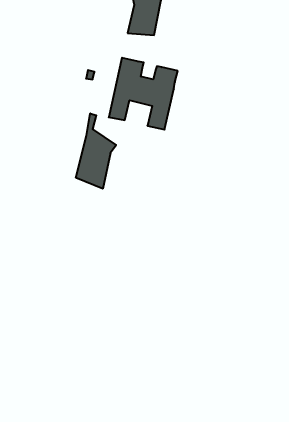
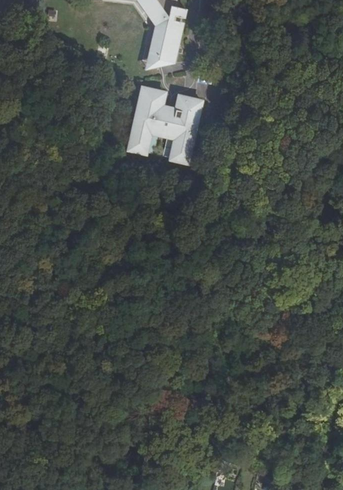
building: [76,113,116,189] -> none

